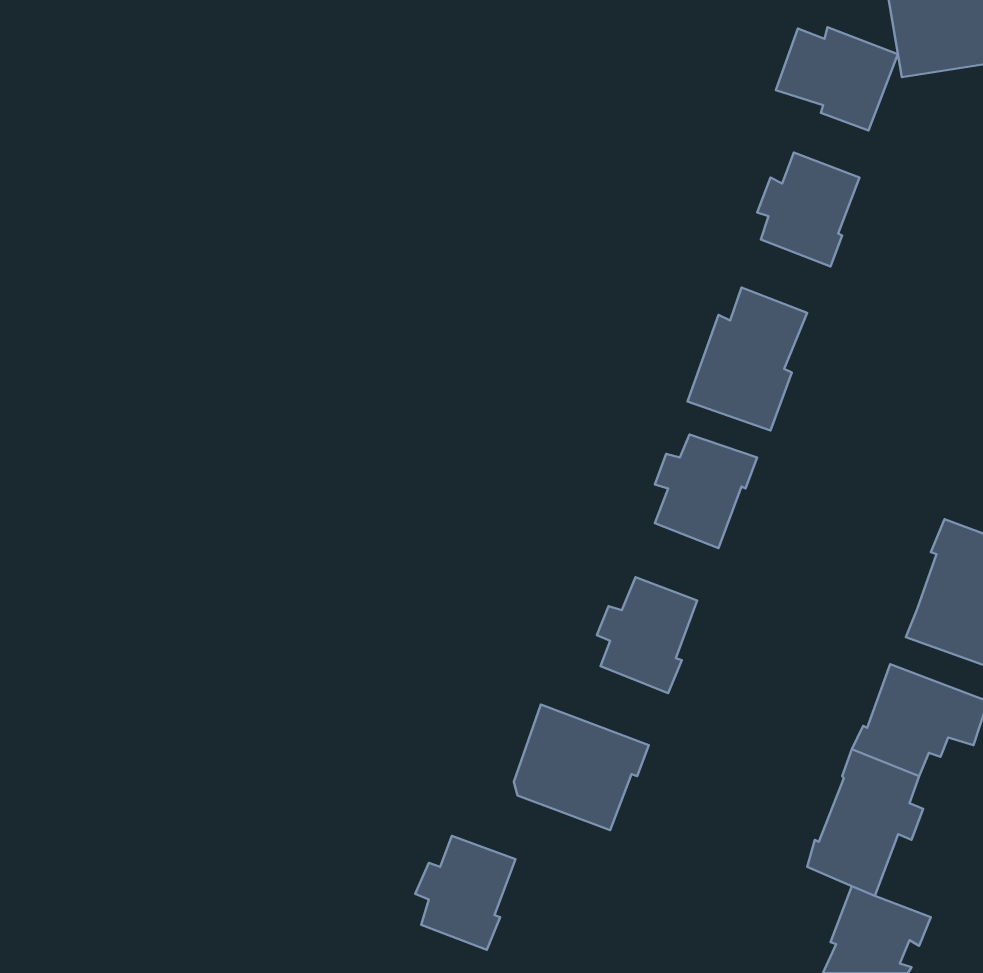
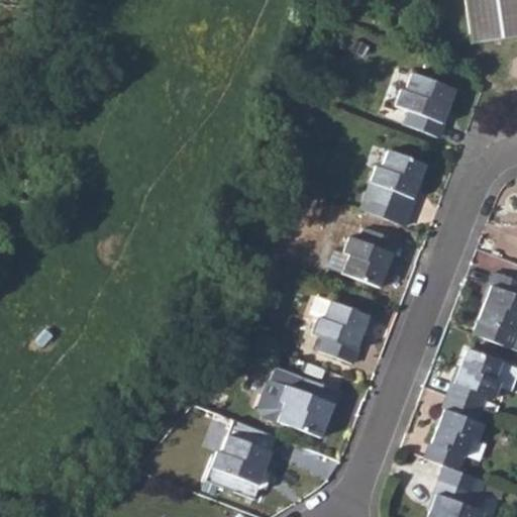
building: [776,27,898,130] -> none

